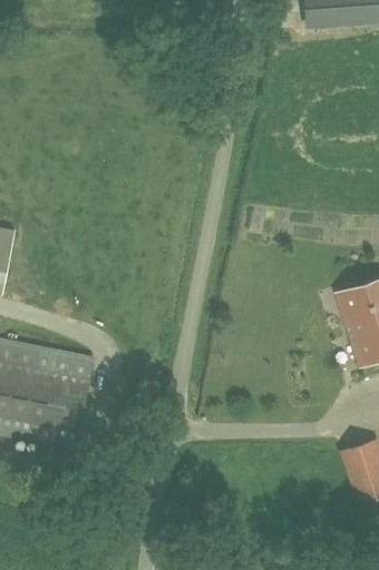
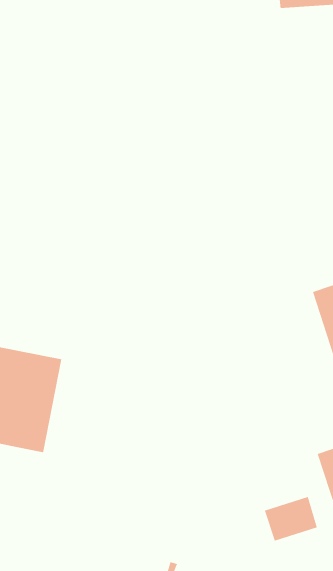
building: none -> [264,496,318,541]

